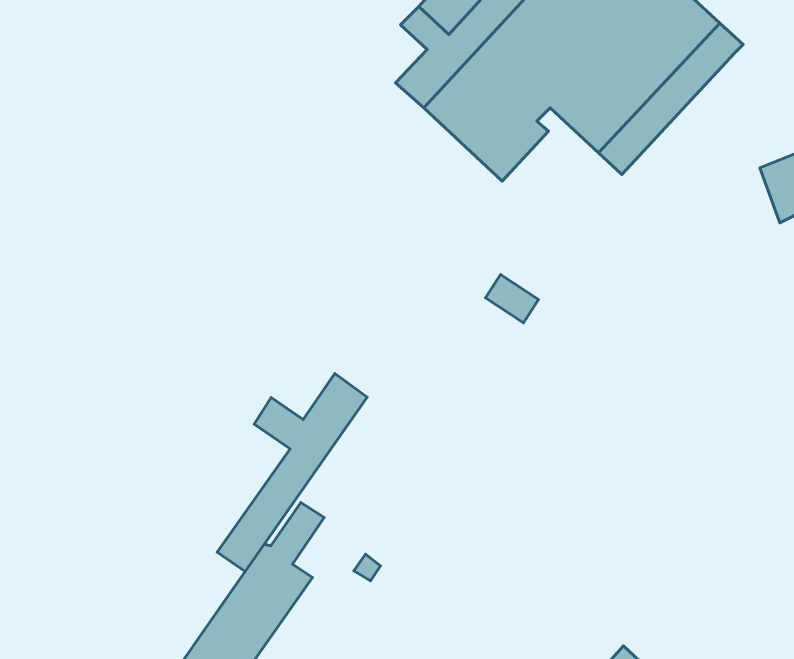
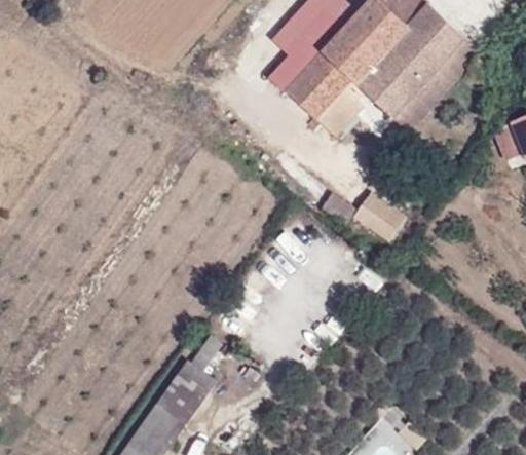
building: none -> [358,195,403,237]
building: [217,373,367,571] -> none

